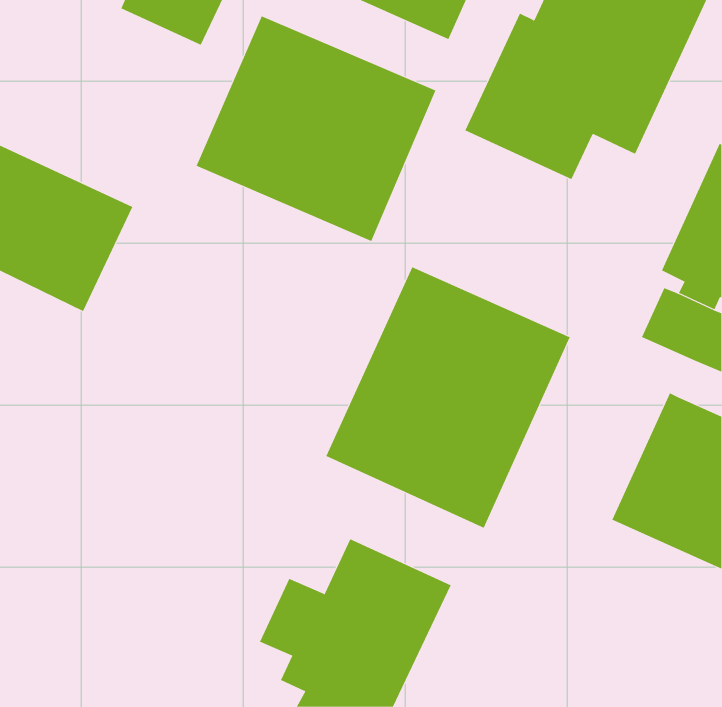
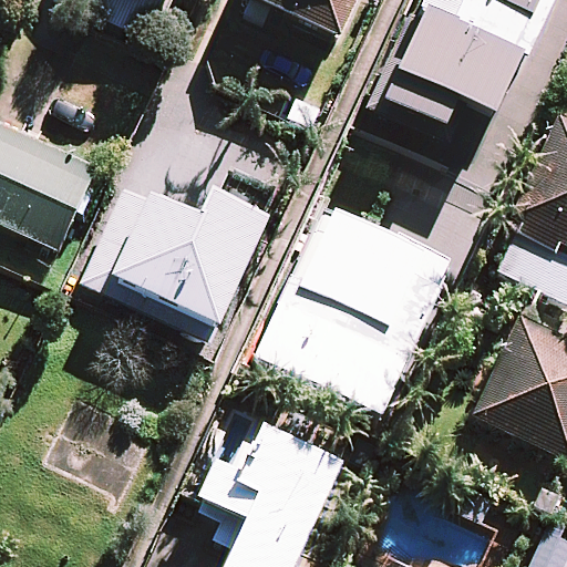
building: [196,15,436,242] -> none
building: none -> [79,186,265,341]

